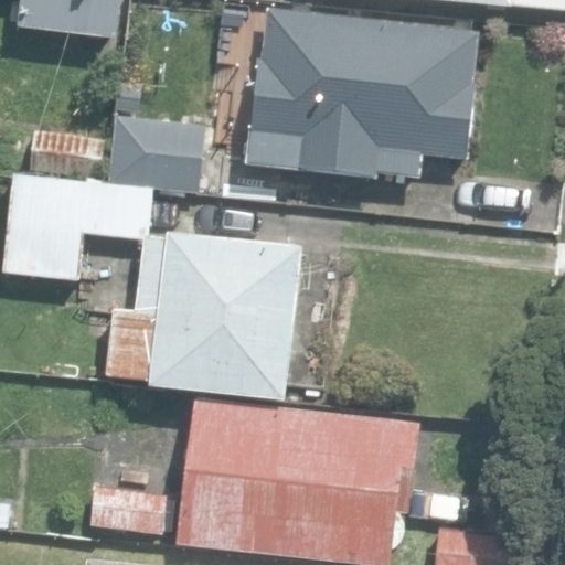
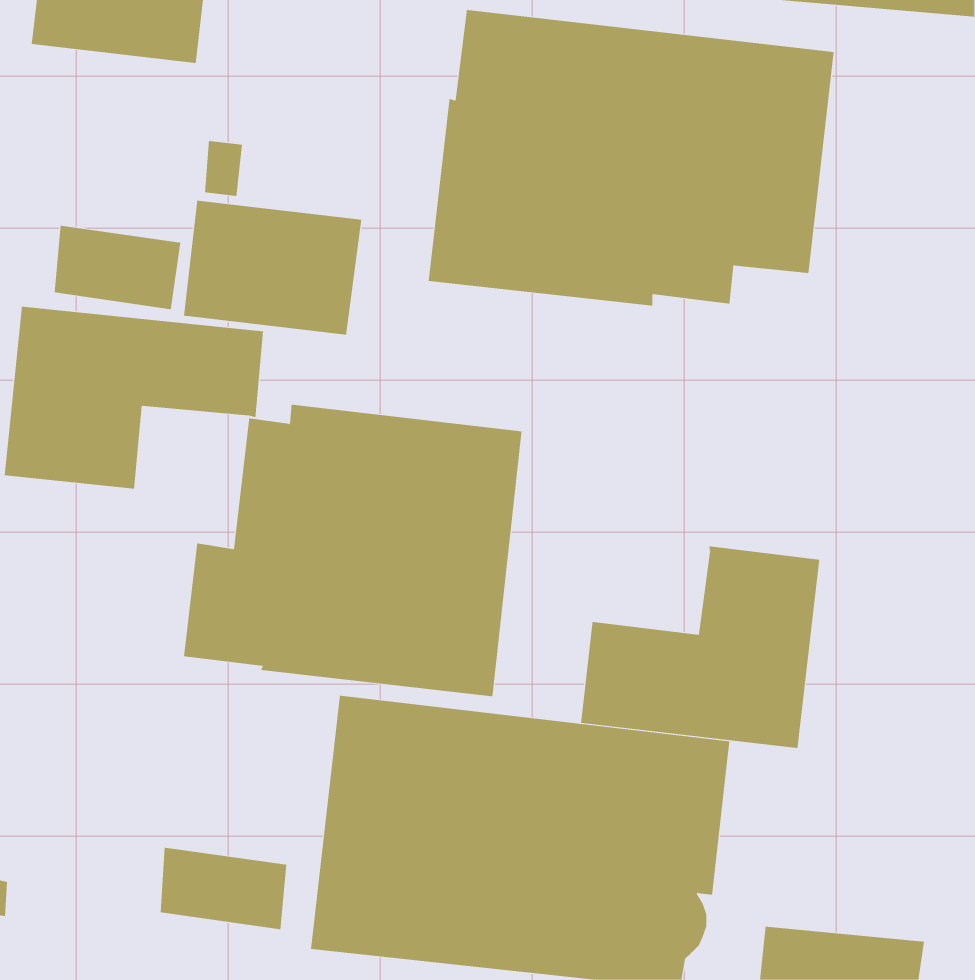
building: none -> [580,545,820,749]

